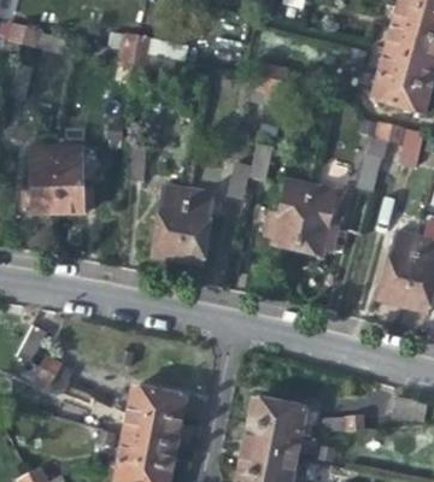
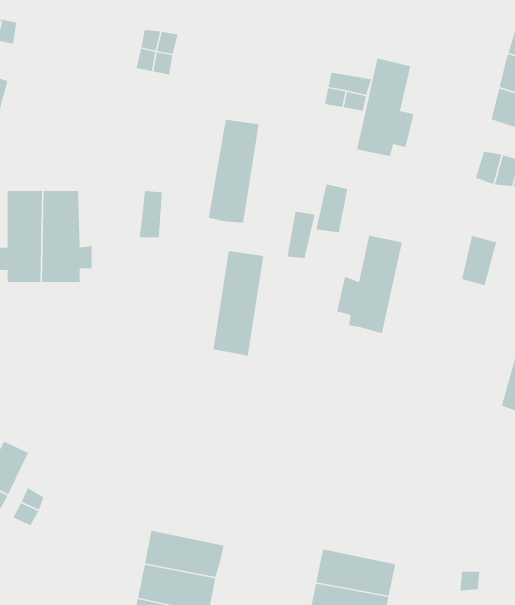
building: [297,183,338,253] -> [356,57,415,157]
building: [152,186,188,259] -> [208,119,259,223]

